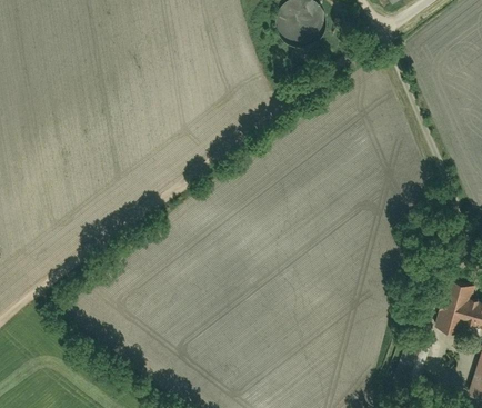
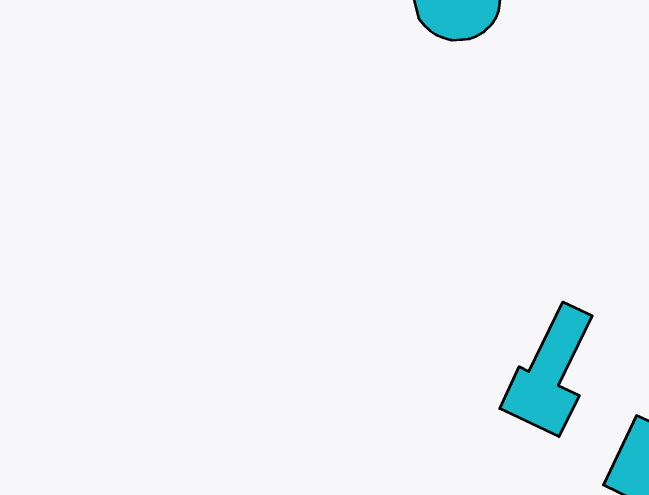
building: none -> [500,302,592,437]

